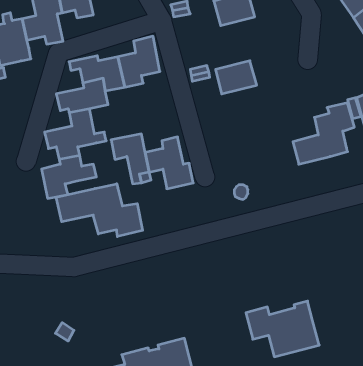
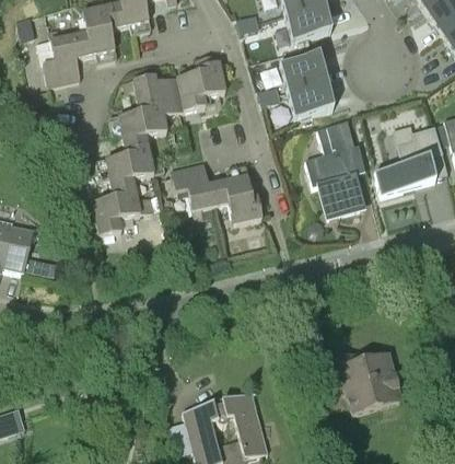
building: none -> [280,53,326,91]
building: none -> [305,120,361,210]
building: [56,184,143,237] -> none

